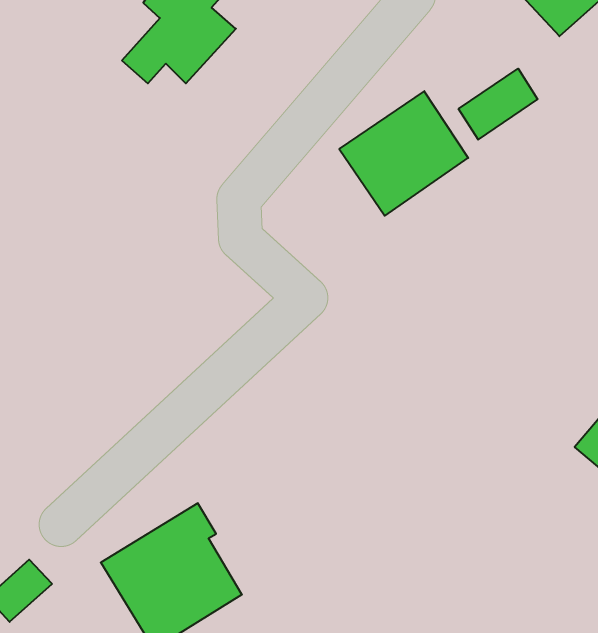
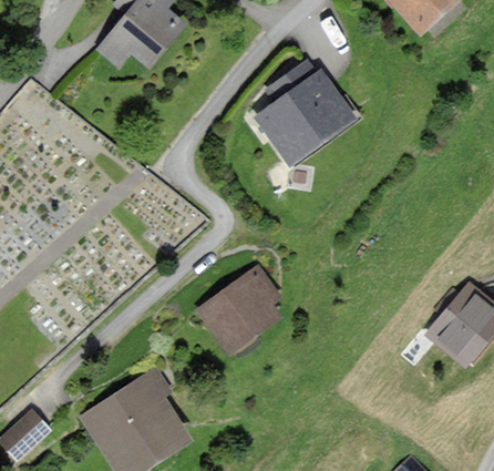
building: [459,69,538,140] -> none
building: none -> [202,269,279,348]

